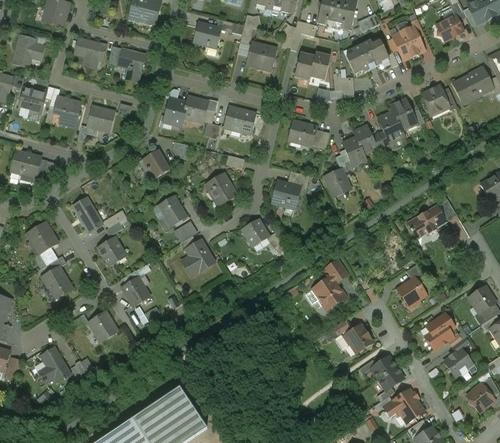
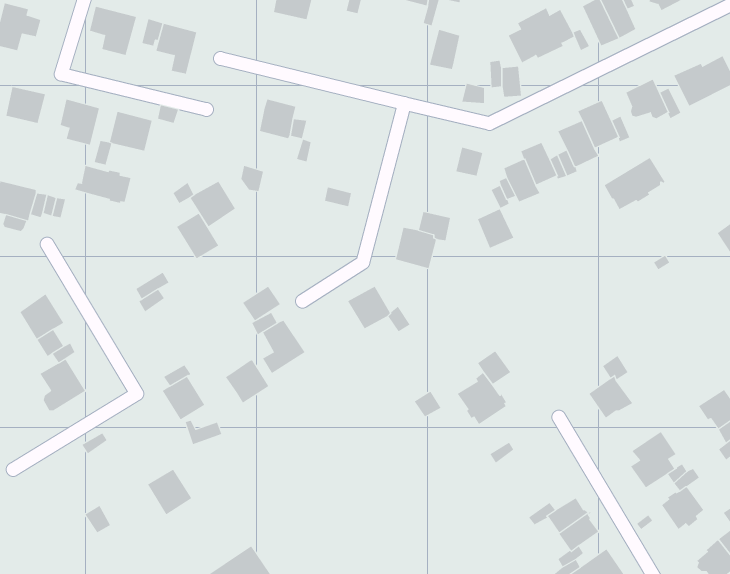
building: [247,42,275,66] -> none
building: [310,52,330,78] -> none
building: [162,98,187,130] -> none
building: [224,106,255,132] -> none
building: [288,120,316,144] -> none
building: none -> [74,165,131,203]
building: [205,173,236,204] -> none
building: [158,195,186,225] -> [176,213,219,259]
building: [73,197,103,231] -> none
building: [406,204,446,238] -> [604,157,666,210]
building: [98,235,125,265] -> none
building: none -> [225,360,269,404]
building: [89,311,118,341] -> [147,469,192,515]
building: [344,323,373,352] -> none
building: [38,347,70,382] -> none

